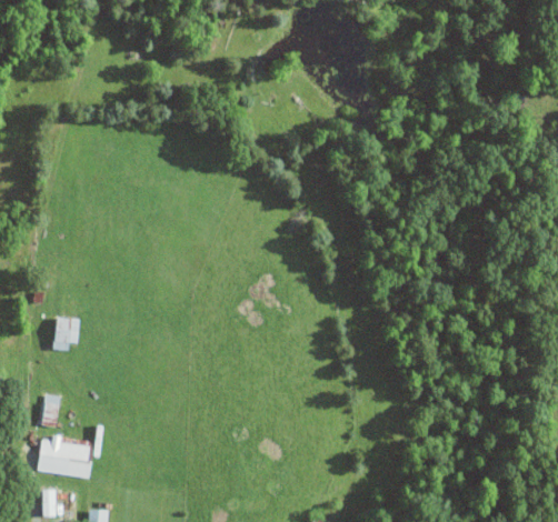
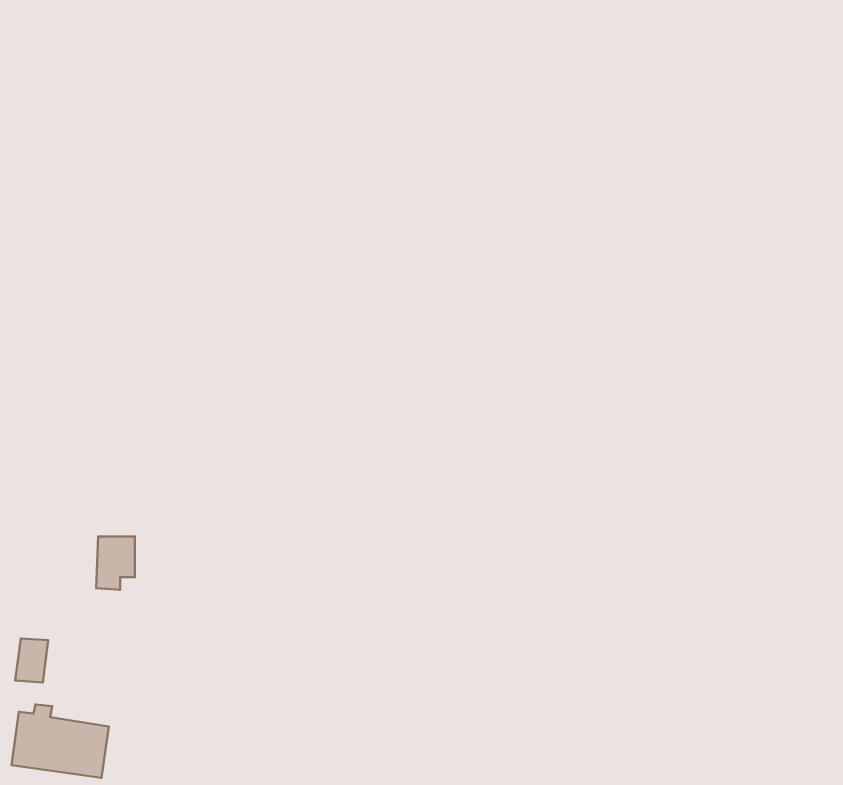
building: [54,318,78,350] -> [96,537,135,590]

